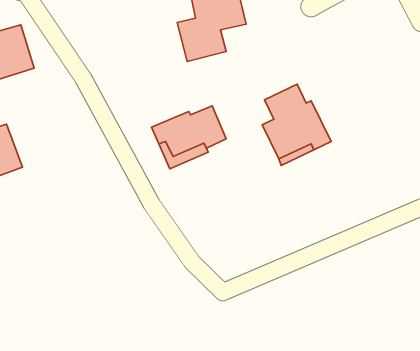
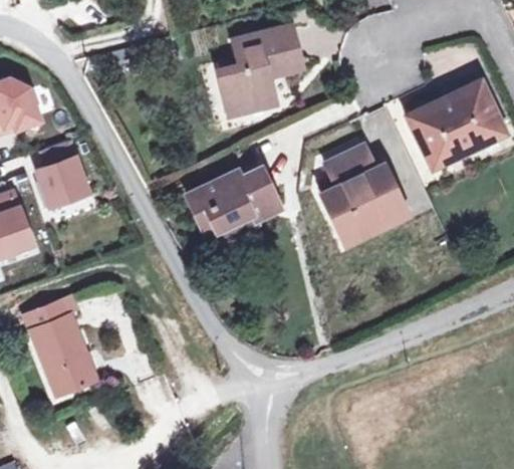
building: none -> [409,82,503,159]
building: none -> [35,139,87,205]
building: none -> [26,300,94,395]

